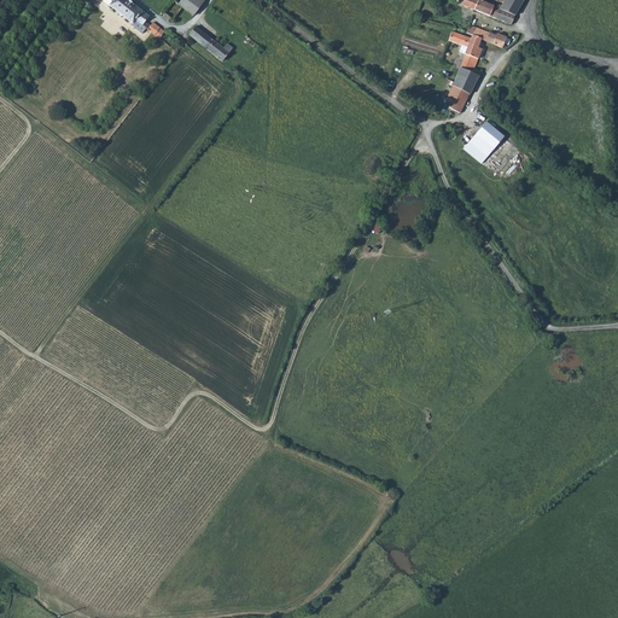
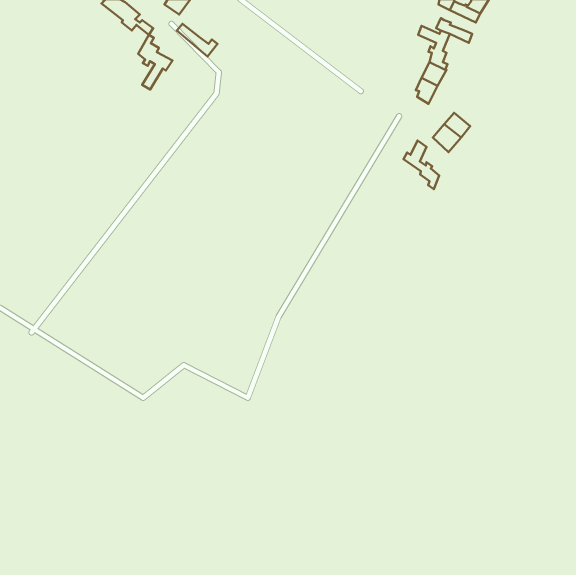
building: none -> [138,35,172,89]
building: none -> [403,140,439,189]

